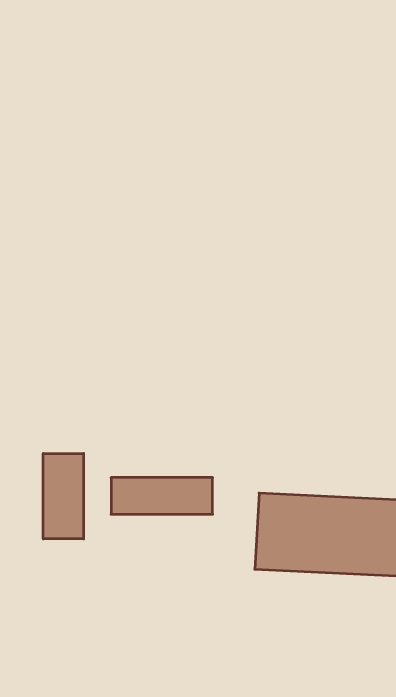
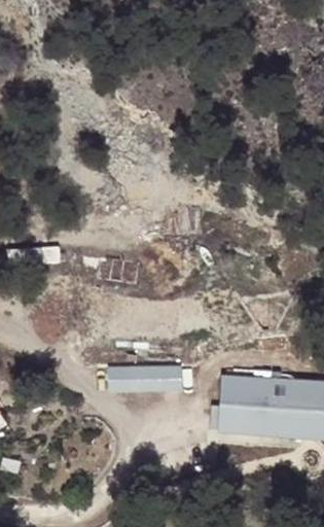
building: [43,453,84,539] -> none

